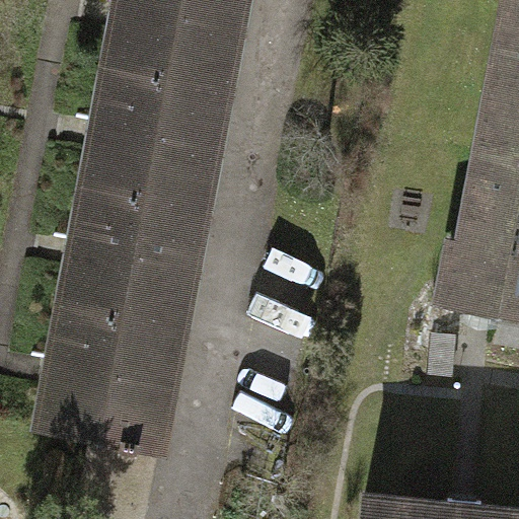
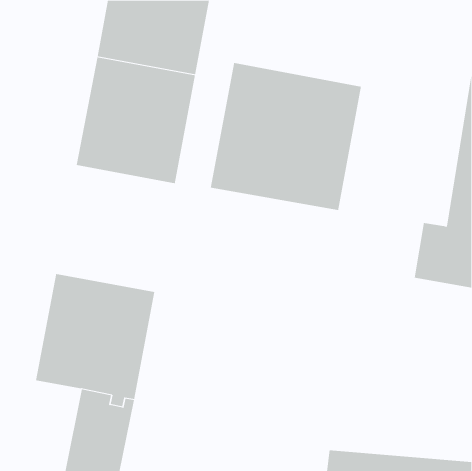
building: none -> [210,62,362,211]
building: [61,182,193,321] -> none

